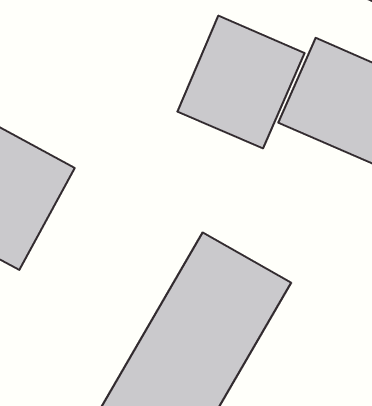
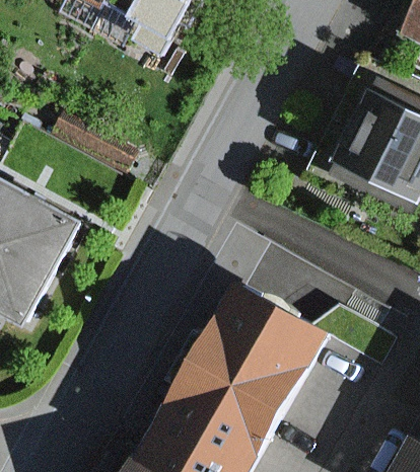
building: [177,16,305,148] -> none

